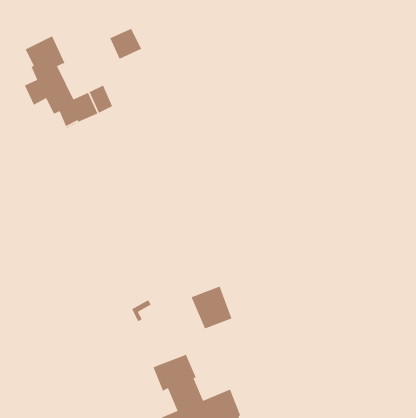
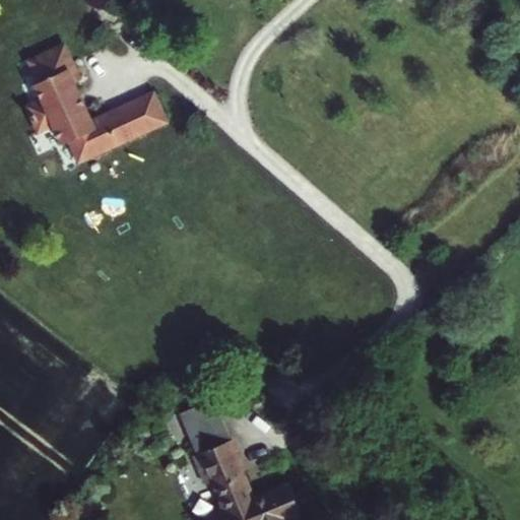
building: [109,28,142,60] -> [128,93,169,133]
building: [191,285,233,330] -> [176,399,228,454]

